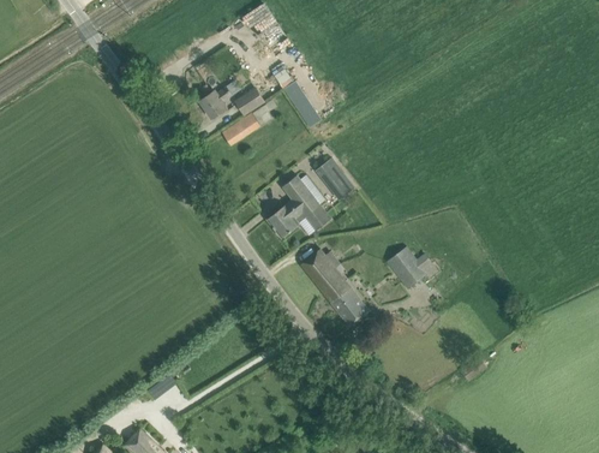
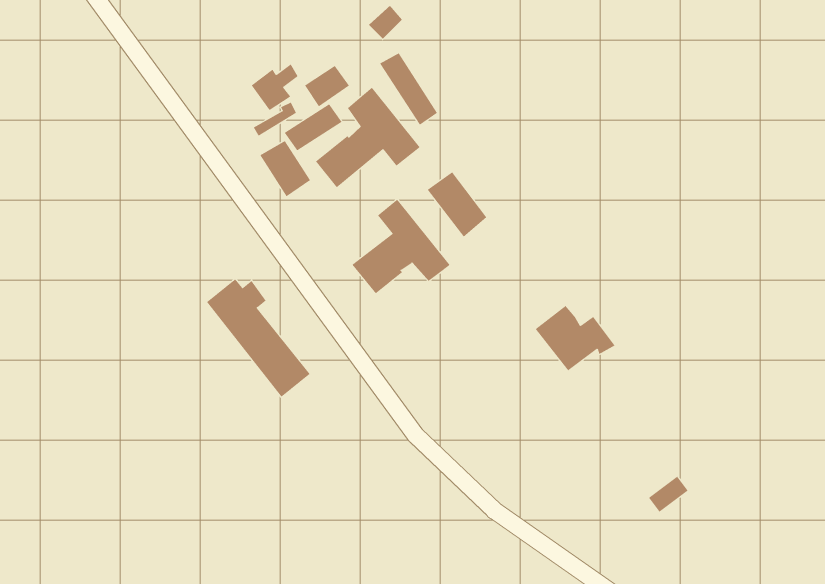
building: none -> [315,87,421,188]
building: none -> [259,140,311,197]
building: [300,249,369,327] -> [206,278,310,398]

